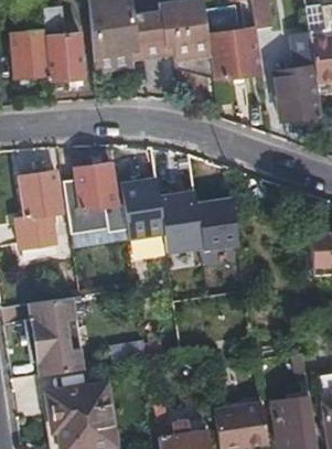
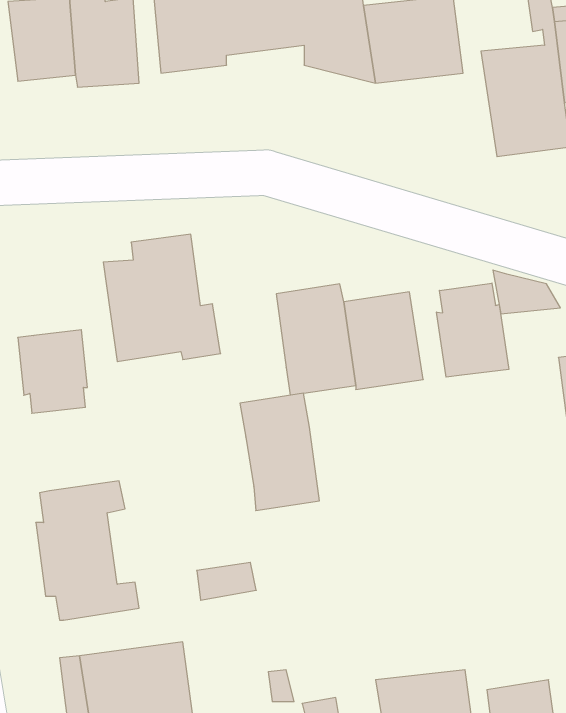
building: [19,165,62,218] -> none
building: [120,177,164,242] -> [240,393,319,511]
building: none -> [437,283,509,377]

